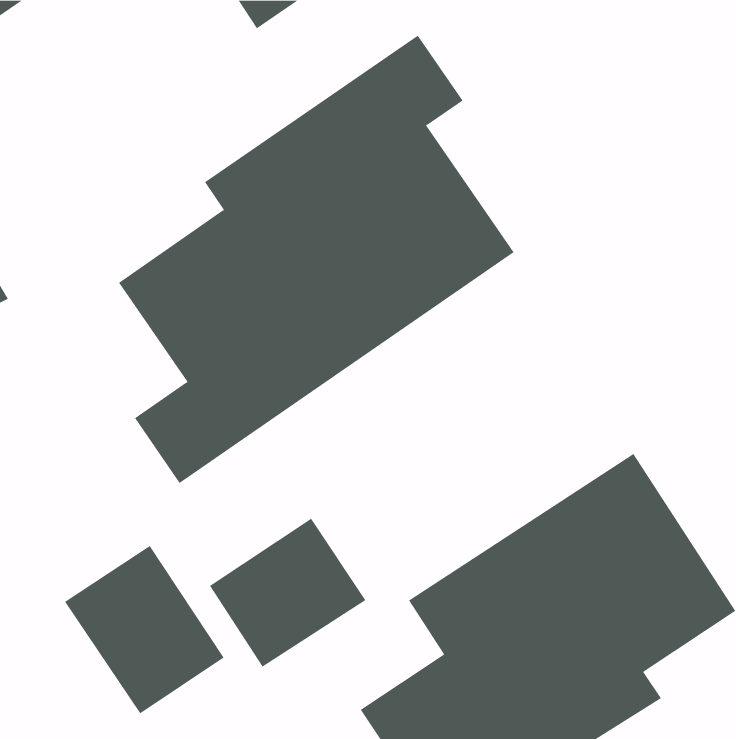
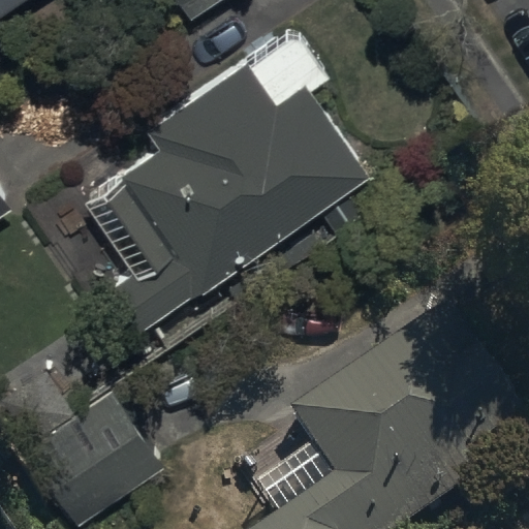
building: [209,518,366,668] -> none

